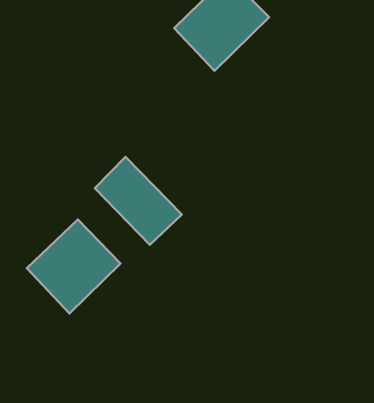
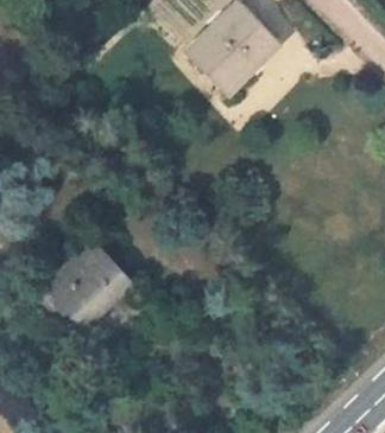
building: [95,157,182,245] -> none

